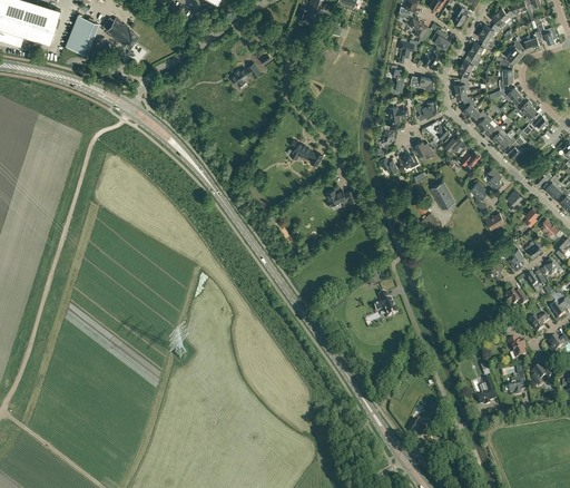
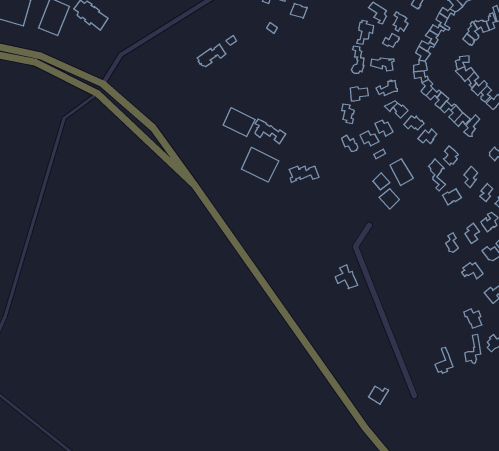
building: none -> [223,108,255,137]
building: none -> [242,147,279,182]

